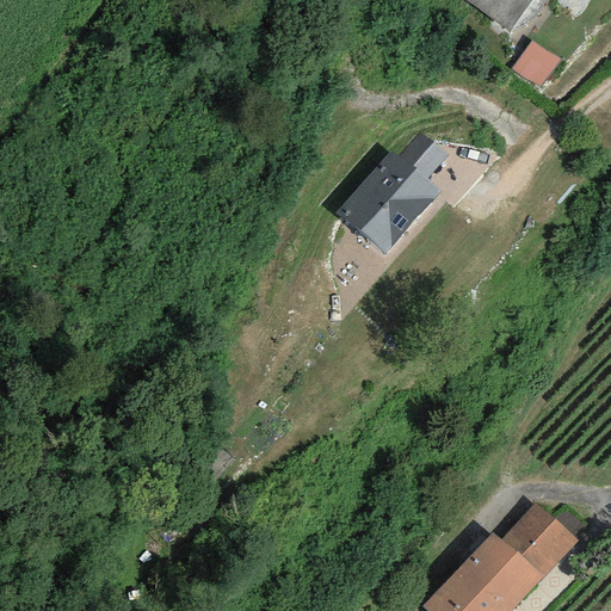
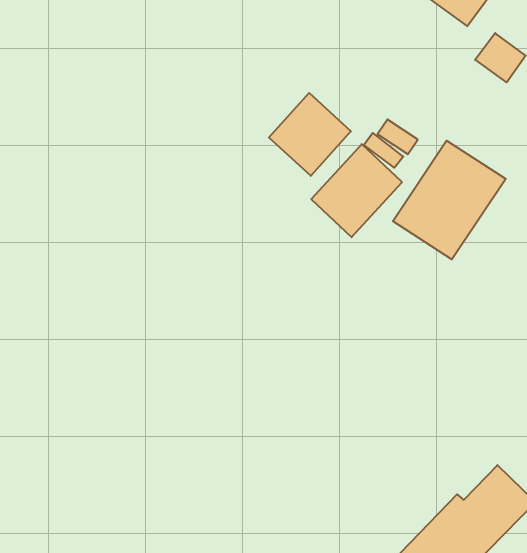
building: none -> [269,93,351,176]
building: none -> [393,141,506,259]

